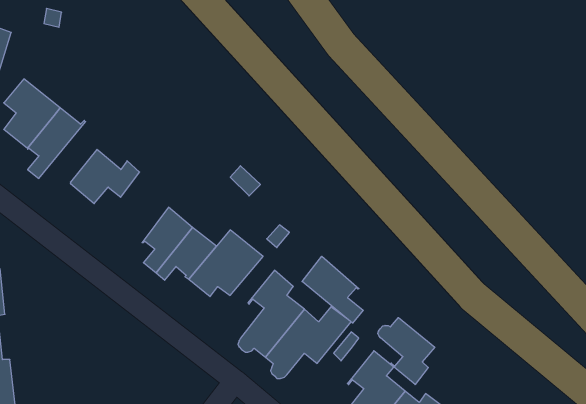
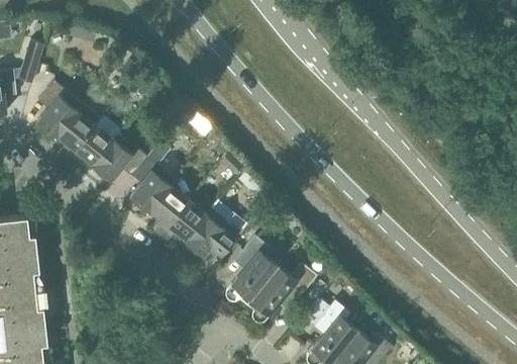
building: none -> [67,117,121,170]
building: none -> [130,142,176,214]
building: [302,256,363,323] -> none
building: [378,318,435,385] -> none

